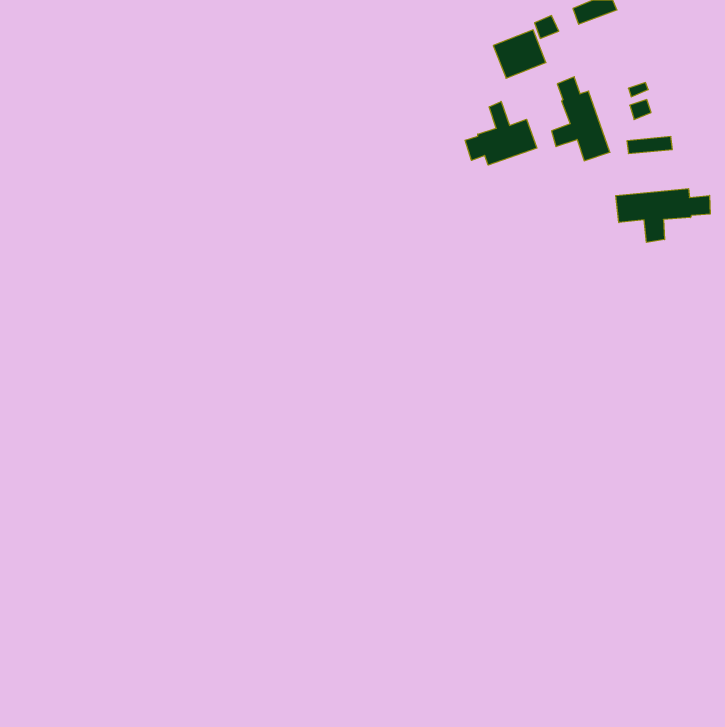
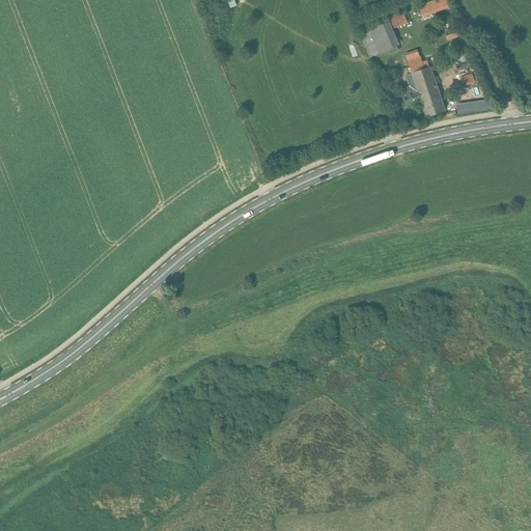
building: [465,101,537,165] -> none
building: [616,189,710,242] -> none

